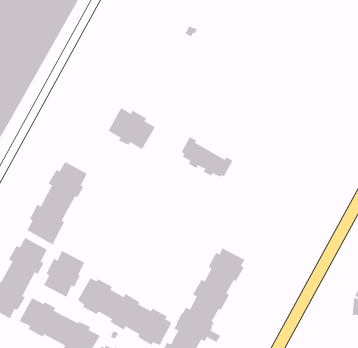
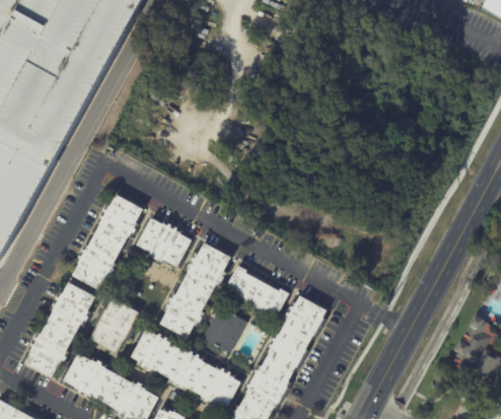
building: [108,107,156,150] -> [136,217,192,267]
building: [181,136,233,177] -> [227,265,288,312]
building: none -> [159,242,231,338]
building: none -> [203,307,244,353]

